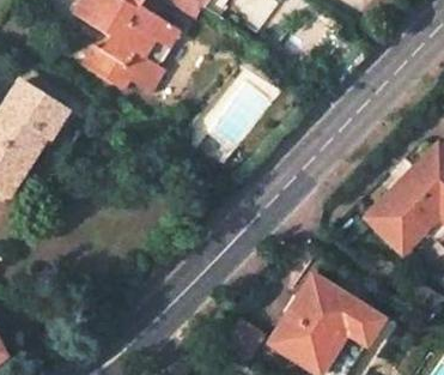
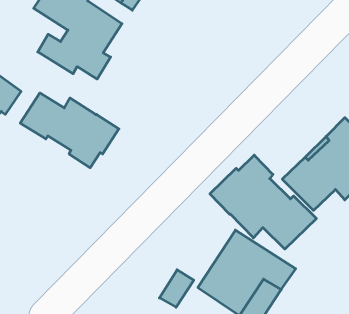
building: none -> [20,93,119,168]
building: none -> [210,155,316,249]

